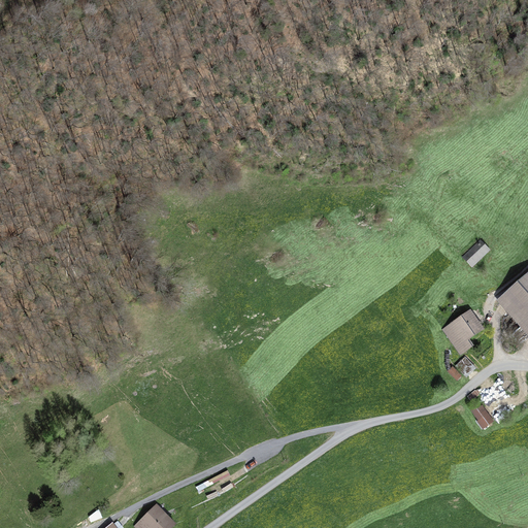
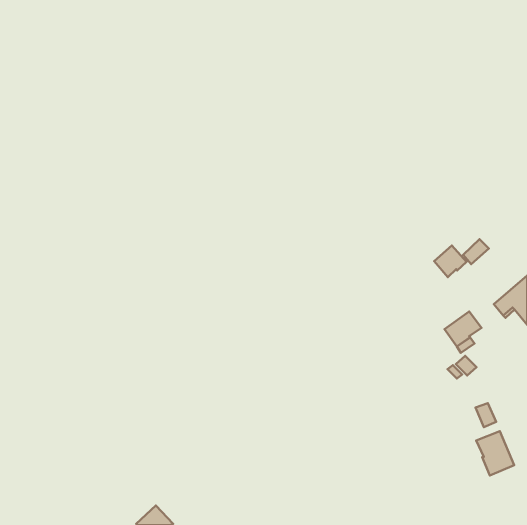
building: none -> [434,246,466,277]
building: none -> [476,431,514,475]

